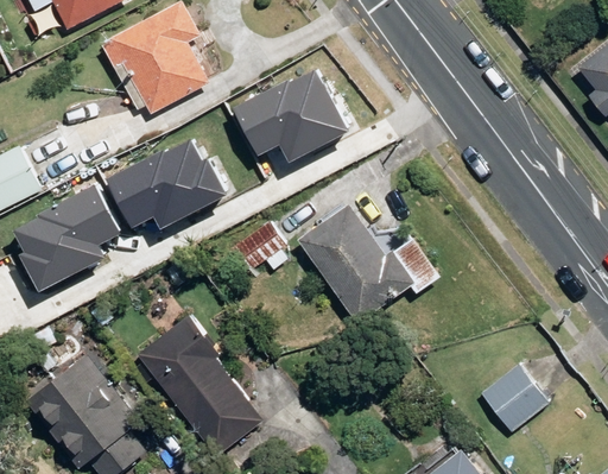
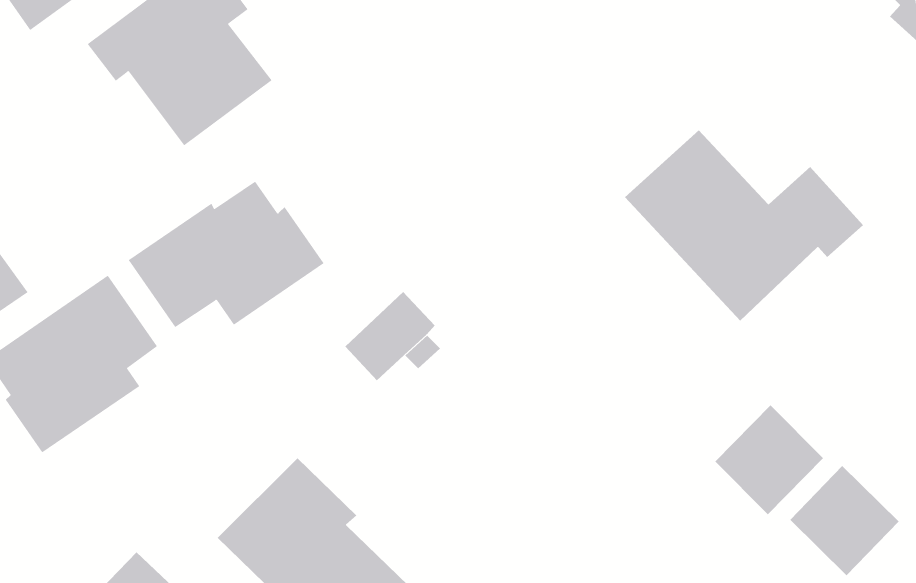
building: [230,71,344,158] -> none
building: [297,206,439,326] -> [624,129,864,322]
building: none -> [714,405,824,515]

